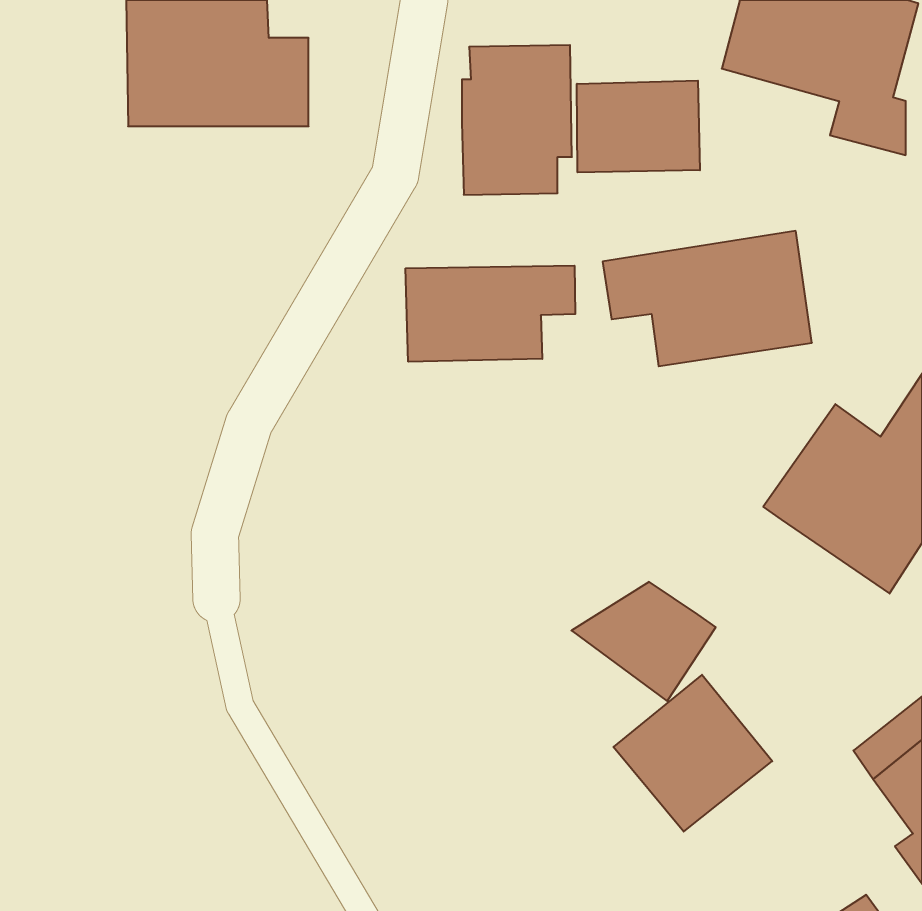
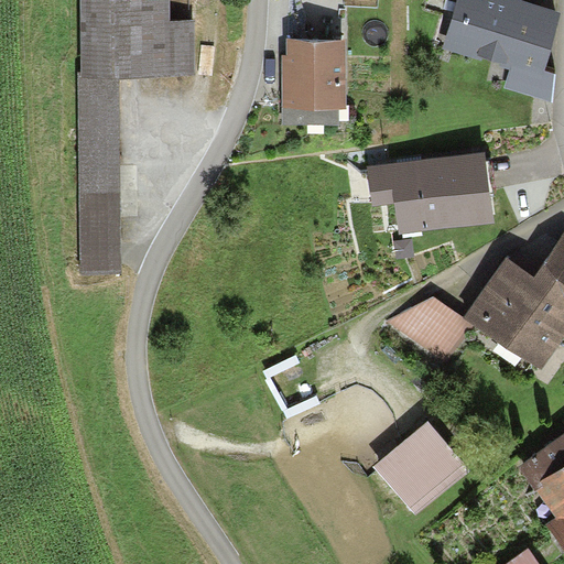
building: [577,81,700,172] -> none
building: none -> [78,84,111,279]
building: [406,266,575,362] -> none
building: [571,582,716,701] -> [389,296,477,369]

